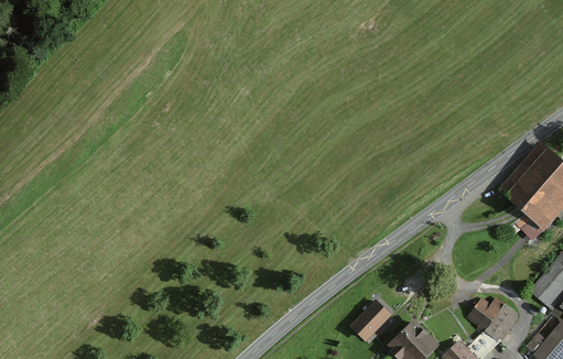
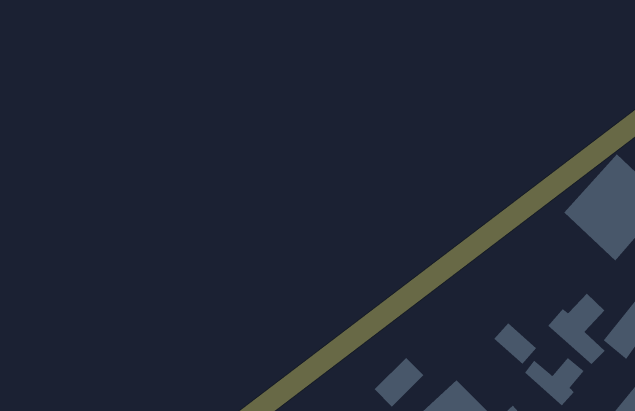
building: none -> [547,293,606,365]
building: none -> [494,322,537,364]

